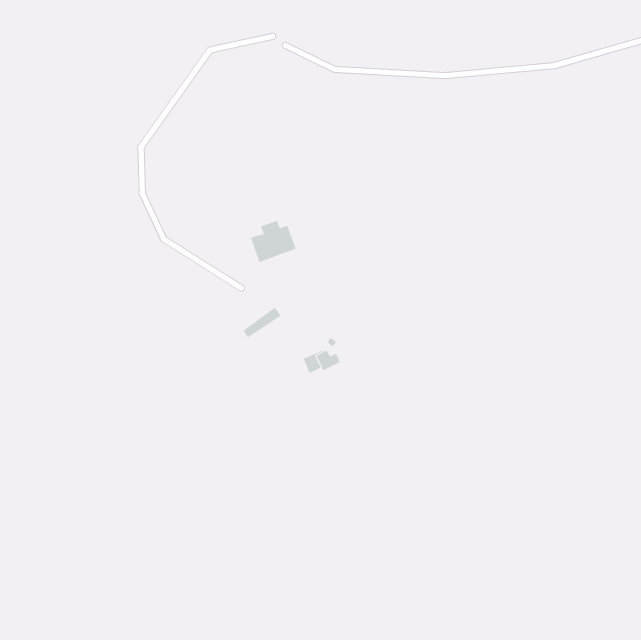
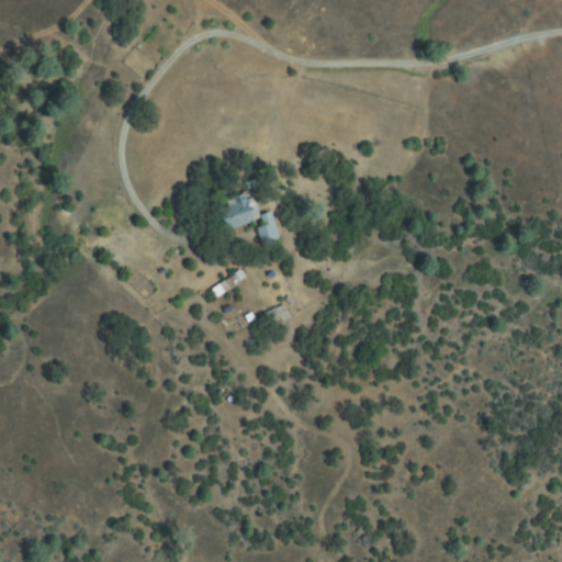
building: none -> [258,211,280,246]

